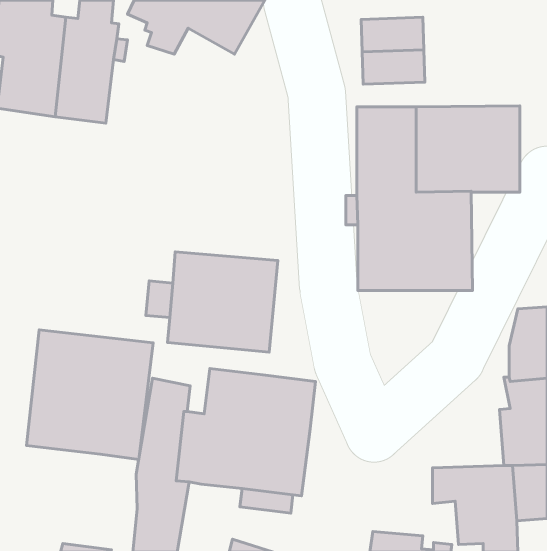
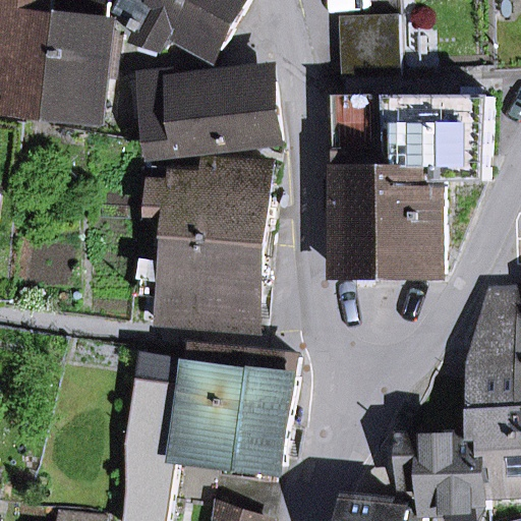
building: none -> [144,71,281,157]
building: none -> [153,161,270,246]
building: [26,330,153,459] -> none

